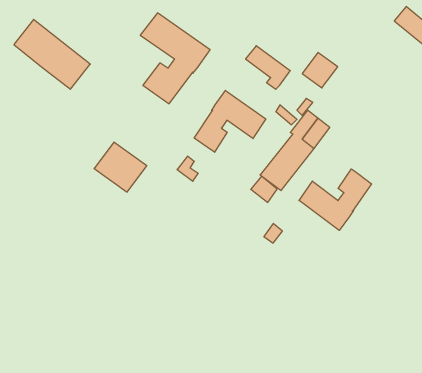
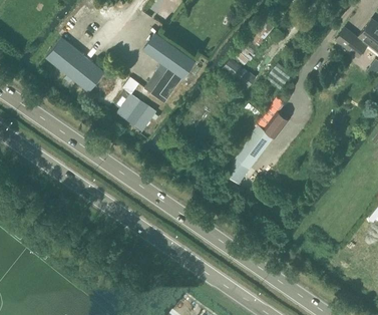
building: [194,90,266,152] -> none
building: [94,142,147,192] -> [115,92,155,130]
building: [299,169,372,230] -> none

